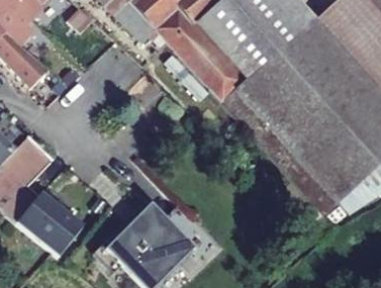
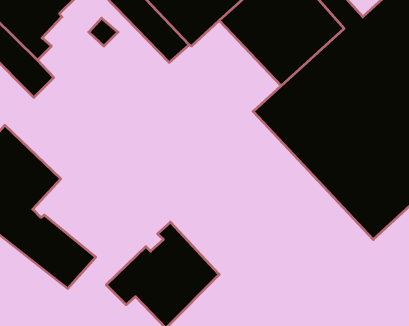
building: [167,21,245,100] -> none

